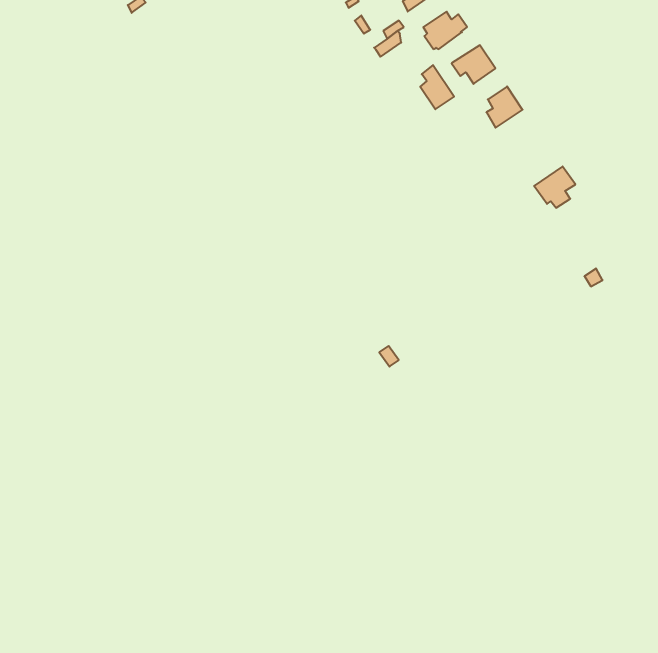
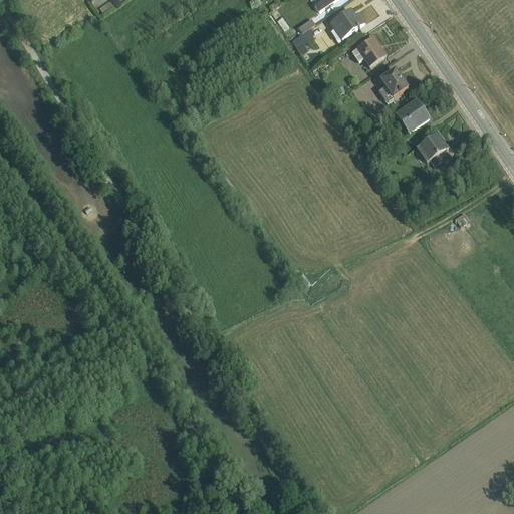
building: [420,65,454,109] -> none
building: none -> [396,97,429,131]

